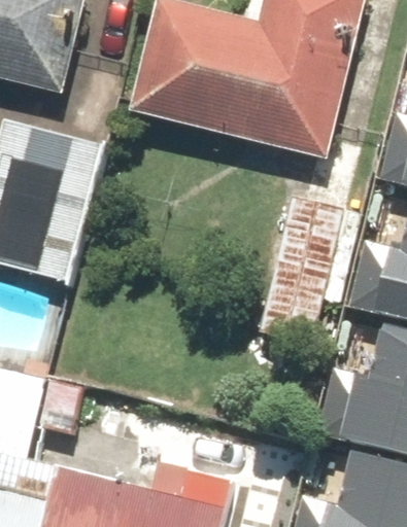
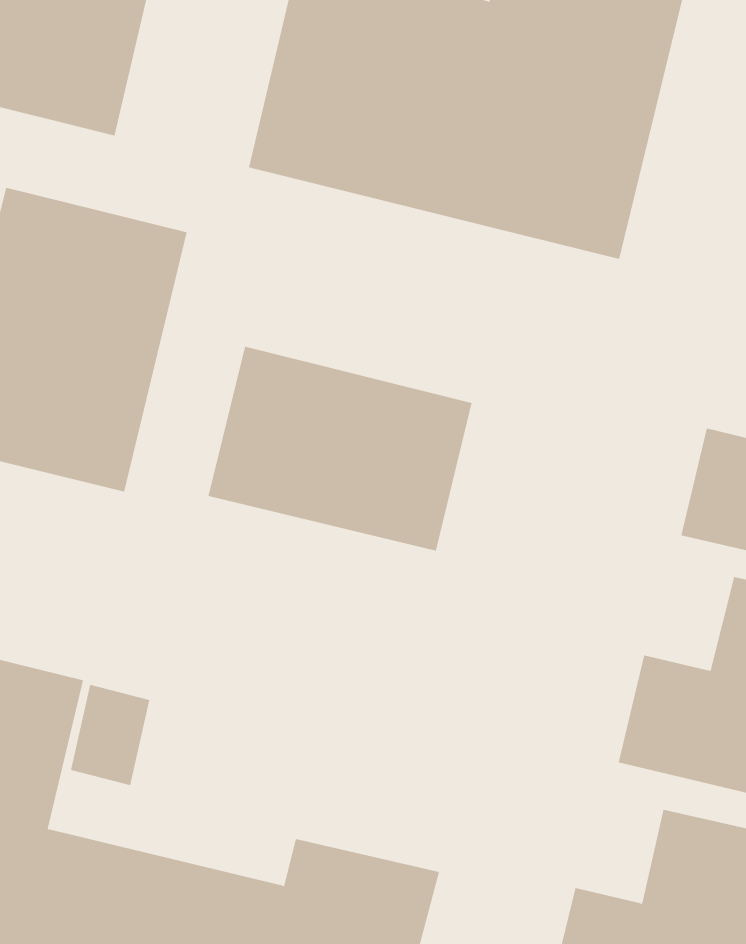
building: [259,196,357,343] -> none
building: none -> [208,346,472,552]

